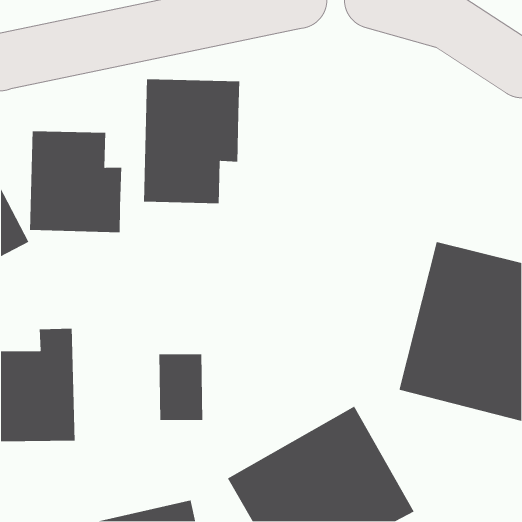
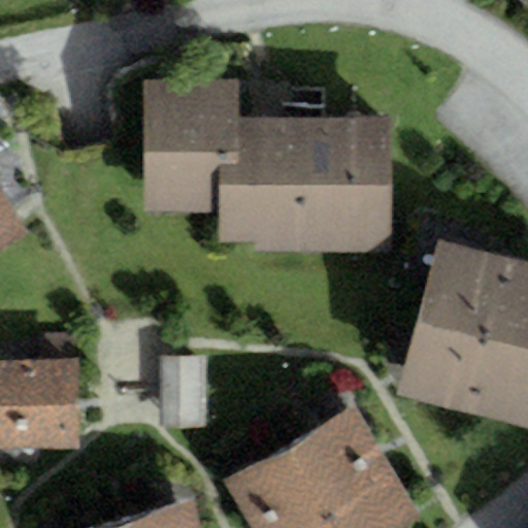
building: none -> [221,114,390,248]
building: [29,131,122,233] -> none

